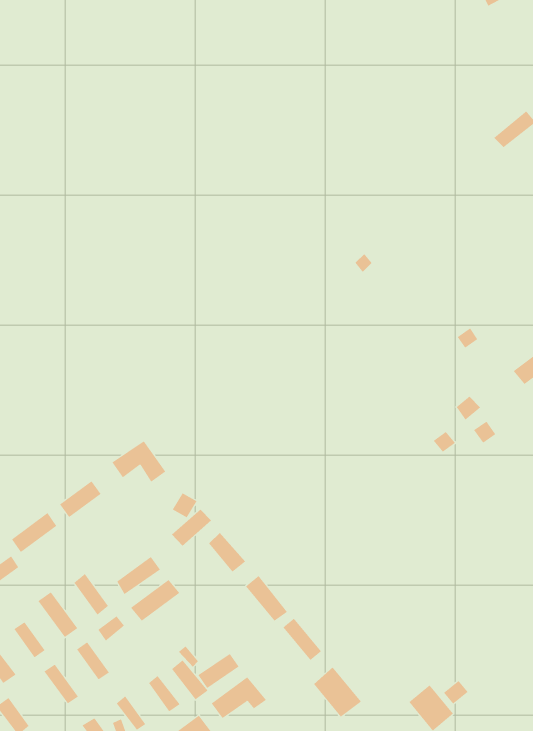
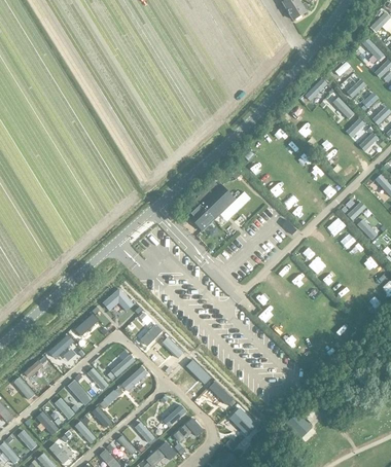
building: none -> [187,181,234,229]

